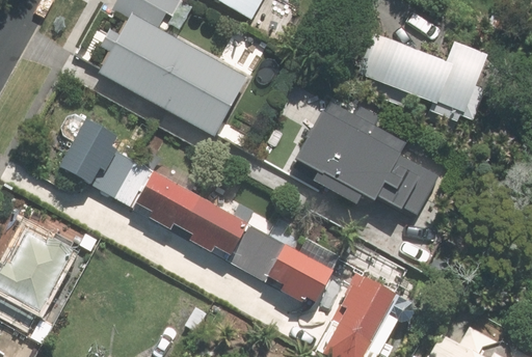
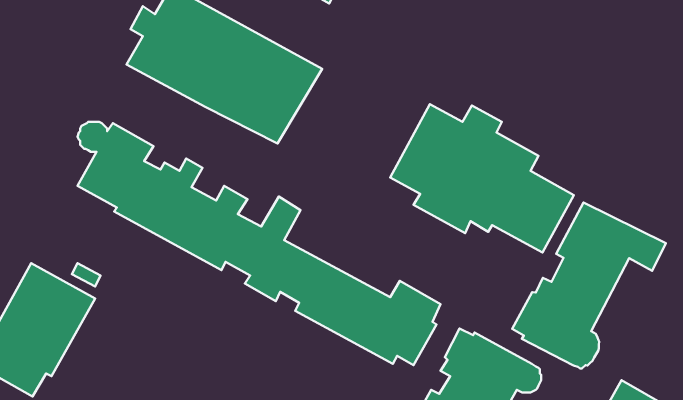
building: [362,40,489,134] -> none
building: none -> [512,203,666,368]

